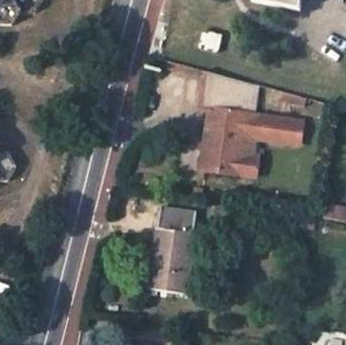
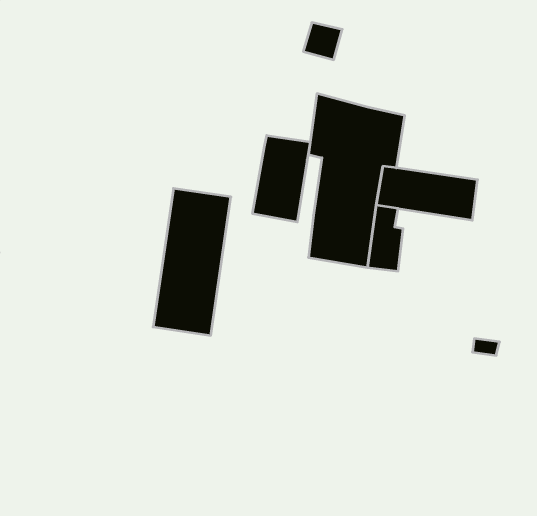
building: none -> [253,135,310,222]
building: [147,205,194,292] -> [153,188,231,335]

